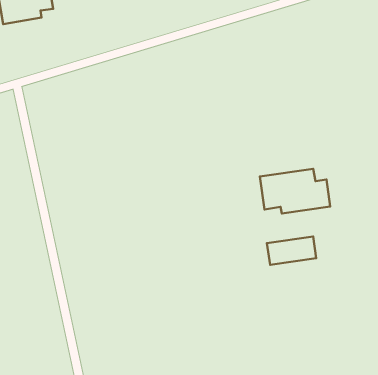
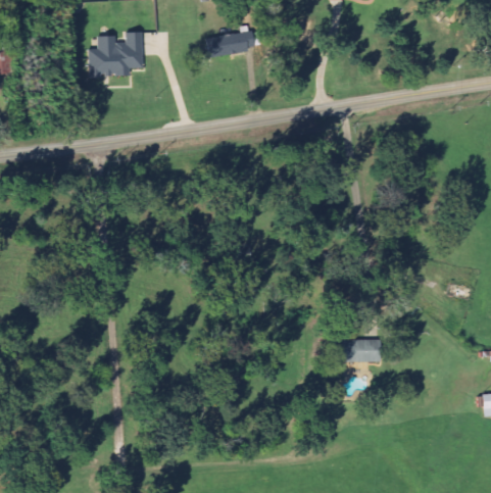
building: [260,169,330,214] -> none

